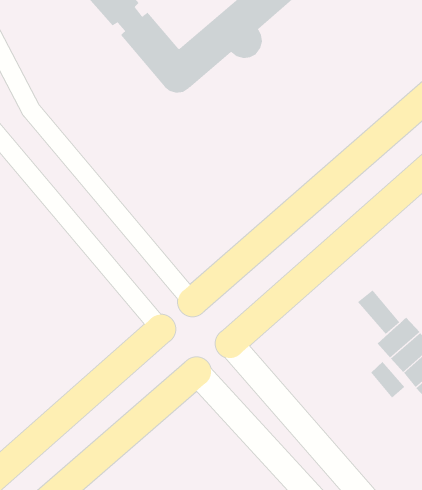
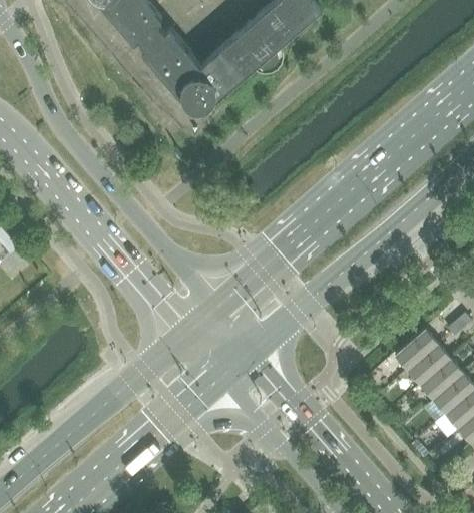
building: [357,290,400,335] -> none
building: [370,361,405,398] -> none

